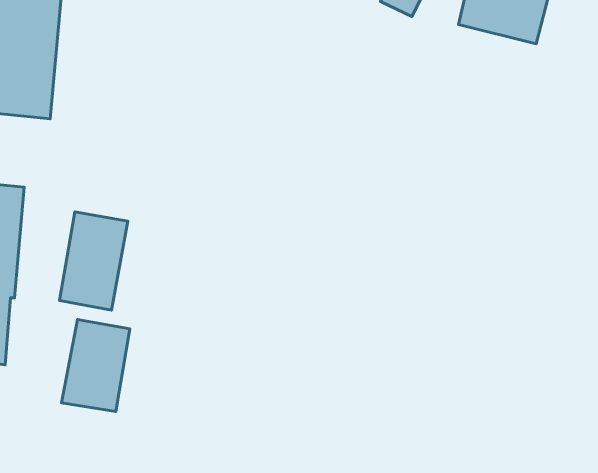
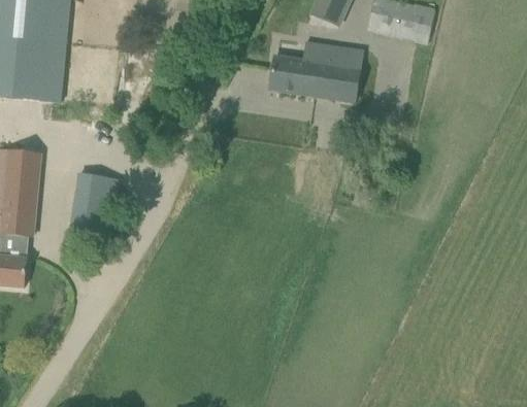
building: none -> [270,42,362,103]
building: [61,320,130,411] -> none

